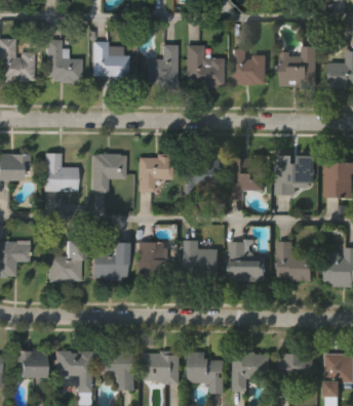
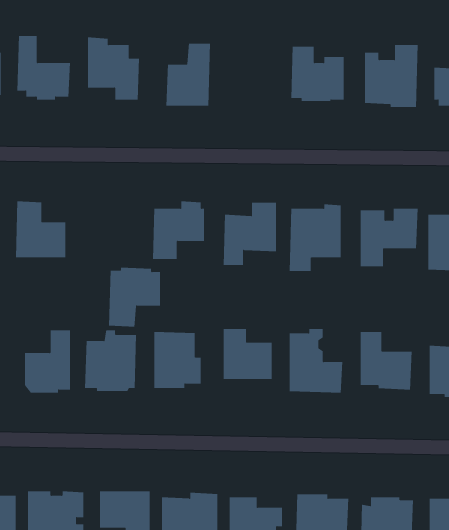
building: [186,44,225,88] -> none
building: [90,152,126,193] -> [108,267,161,327]

